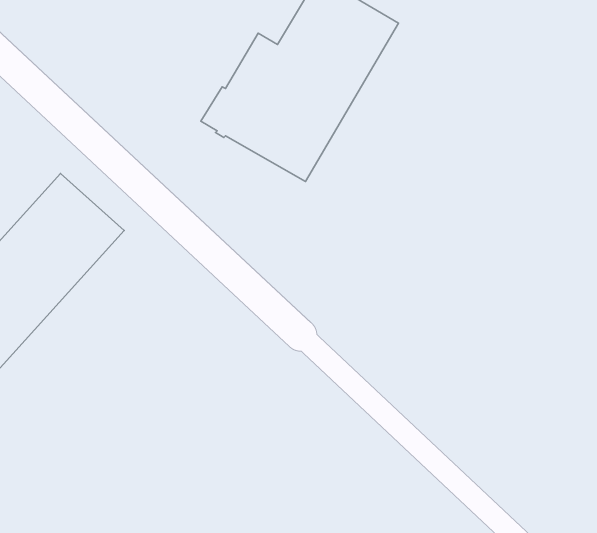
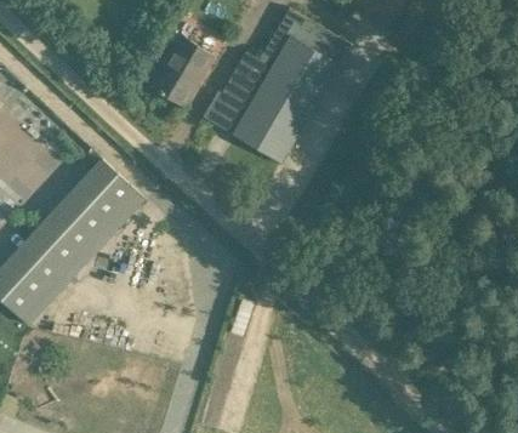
building: none -> [152,36,214,107]

